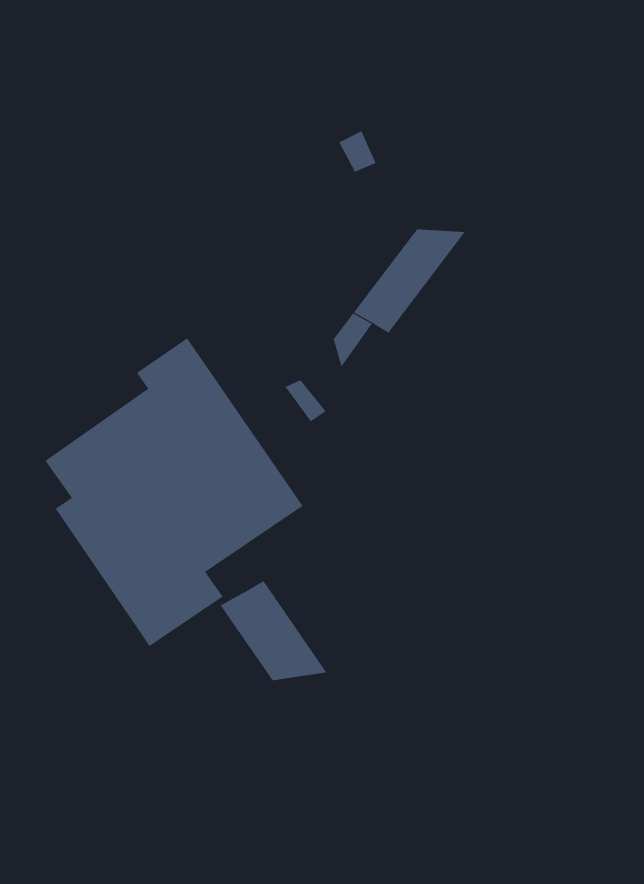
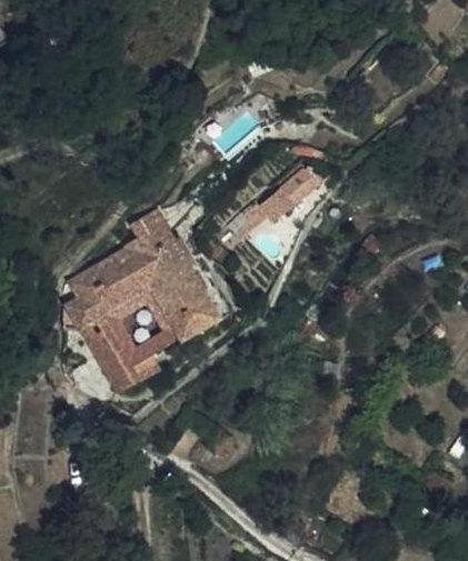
building: [220,580,327,681] -> none

